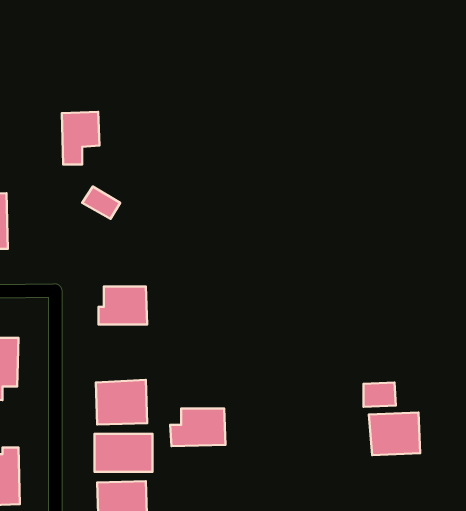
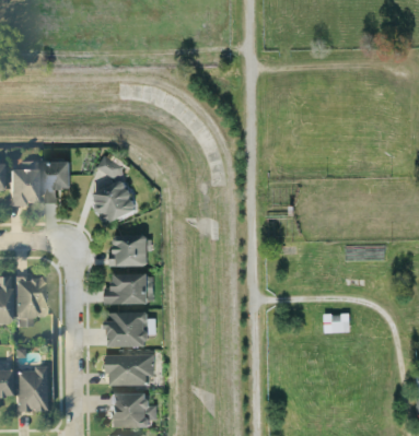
building: [62,112,100,164] -> [42,161,72,203]
building: none -> [94,180,138,222]
building: [170,408,226,446] -> [105,273,150,304]
building: [369,412,420,455] -> none

